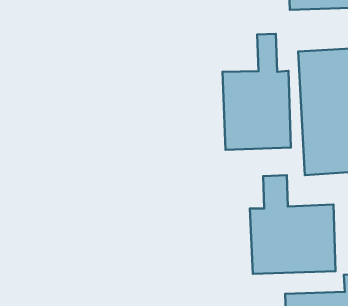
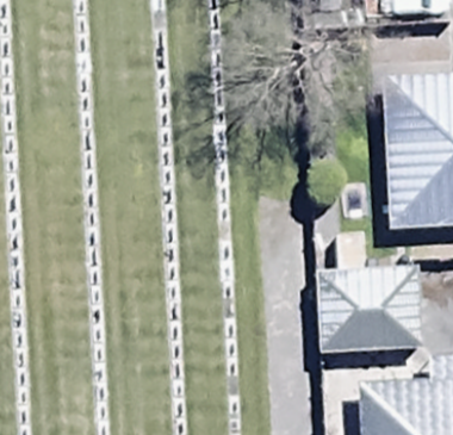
building: [223,34,291,150] -> none

